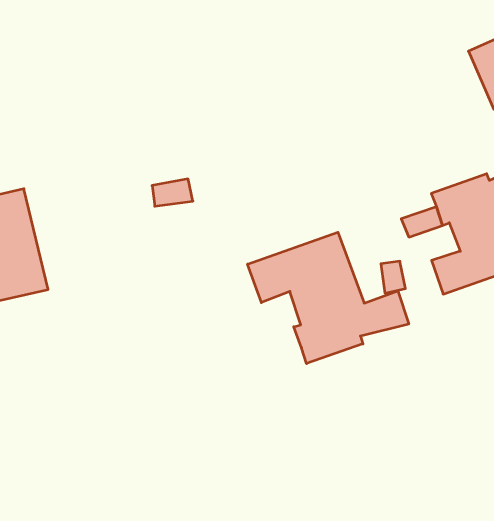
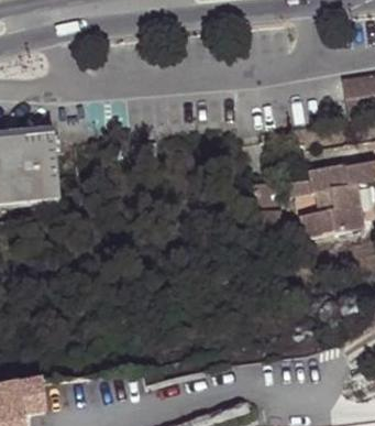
building: [248,232,409,364] -> none

